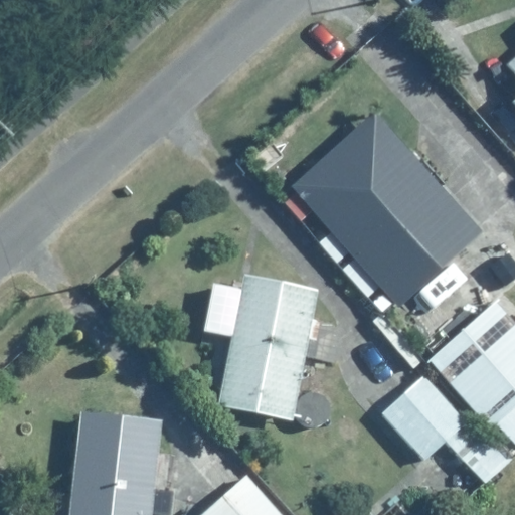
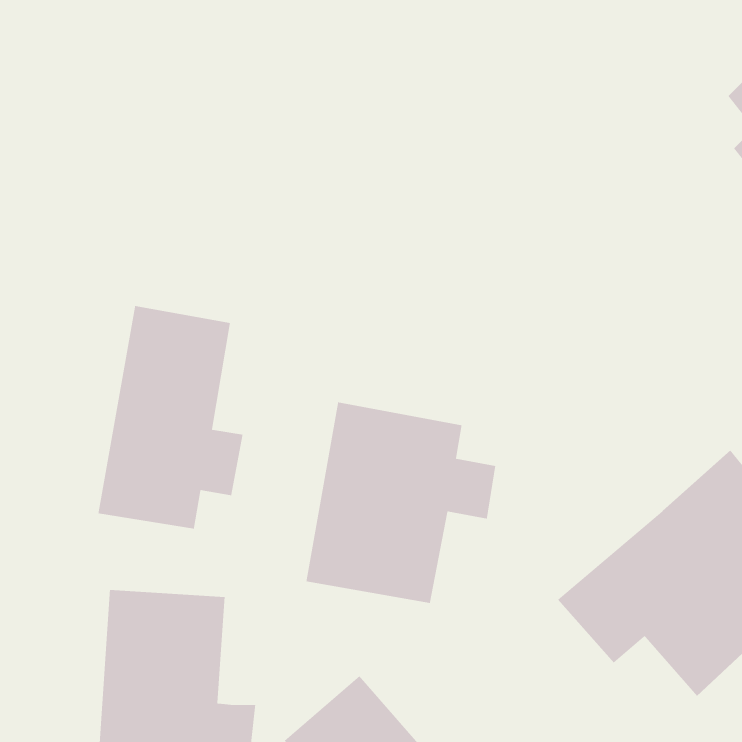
building: [291,111,484,308] -> none
building: none -> [97,305,243,530]

